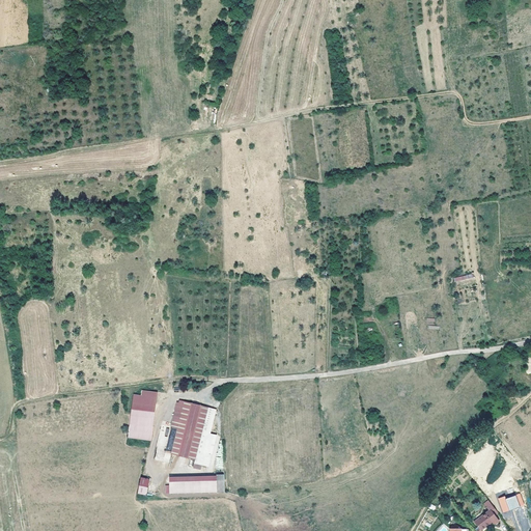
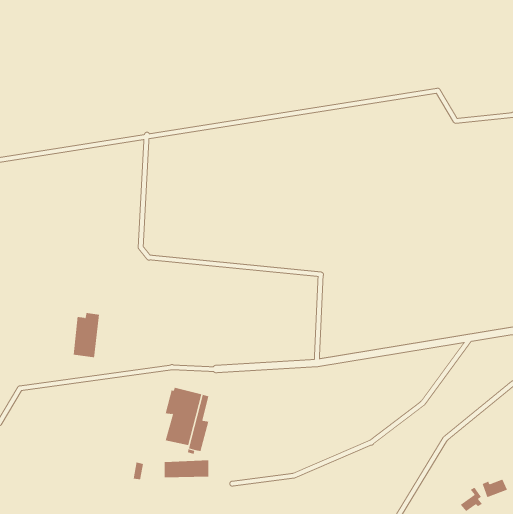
building: [128,390,156,437] -> [73,313,100,358]

